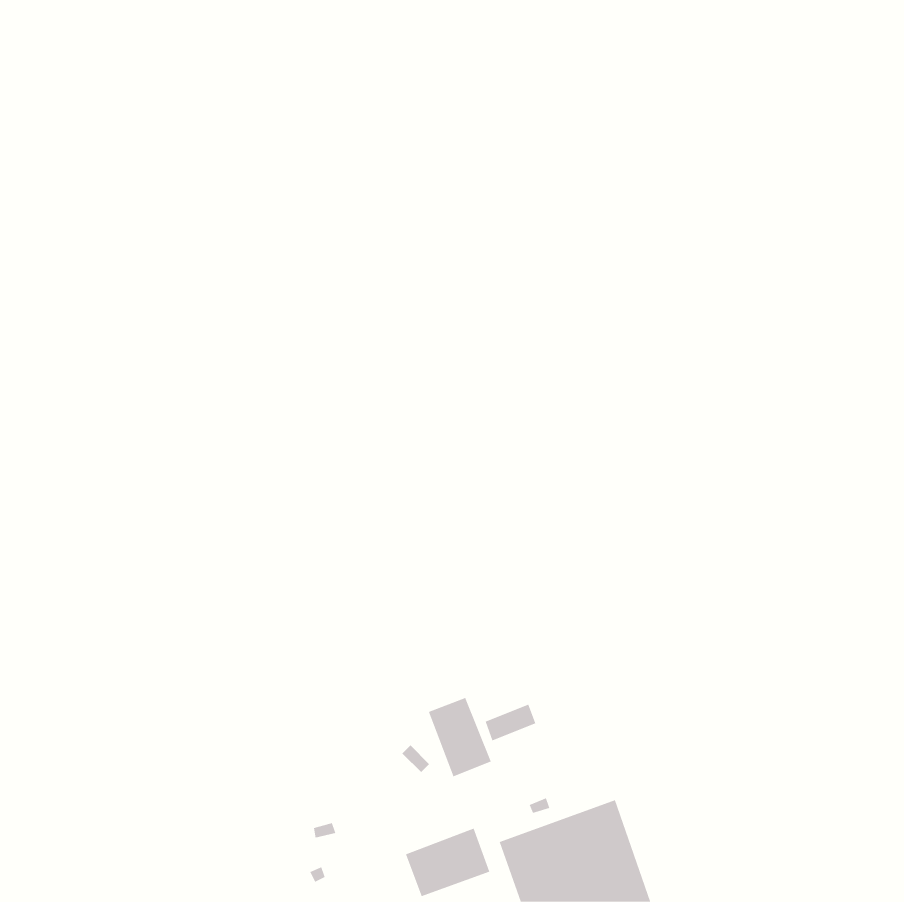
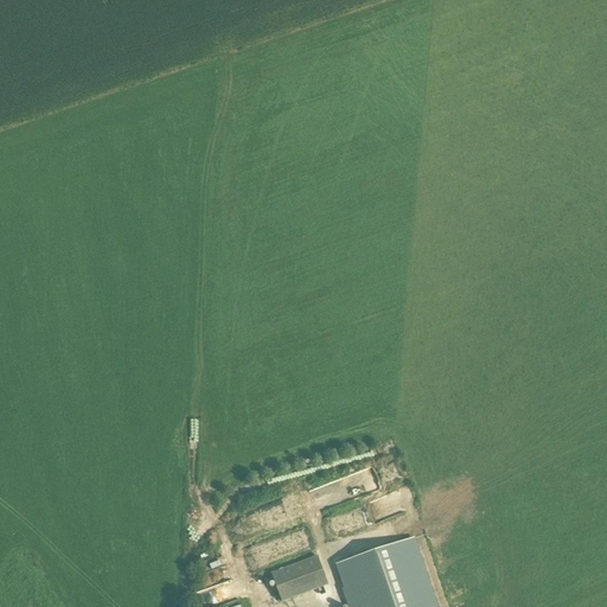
building: [428,697,491,777] -> none

